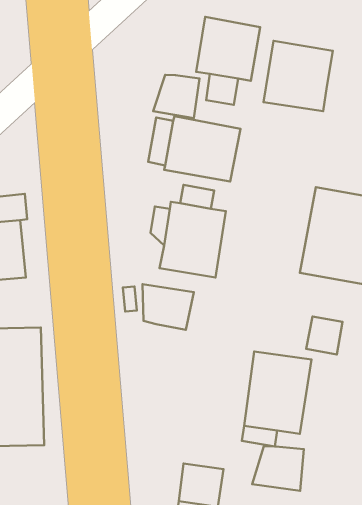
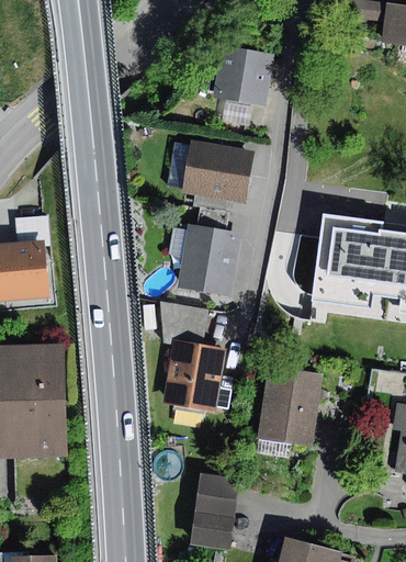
building: [263,41,333,111] -> none
building: [153,75,199,118] -> none
building: [306,316,342,354] -> none
building: none -> [160,341,228,415]
building: [252,446,304,491] -> none

